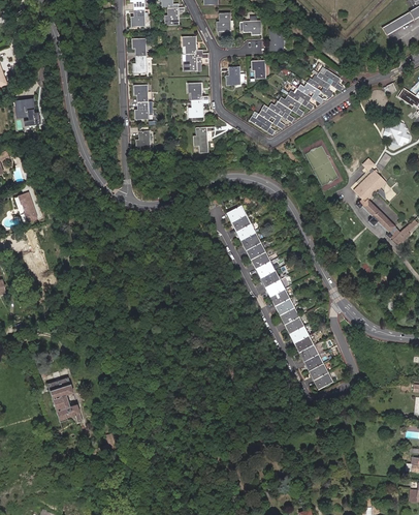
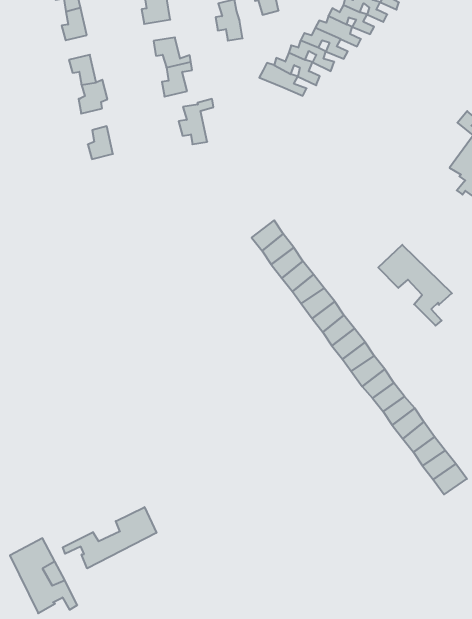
building: none -> [378,245,452,326]
building: none -> [63,507,156,568]

